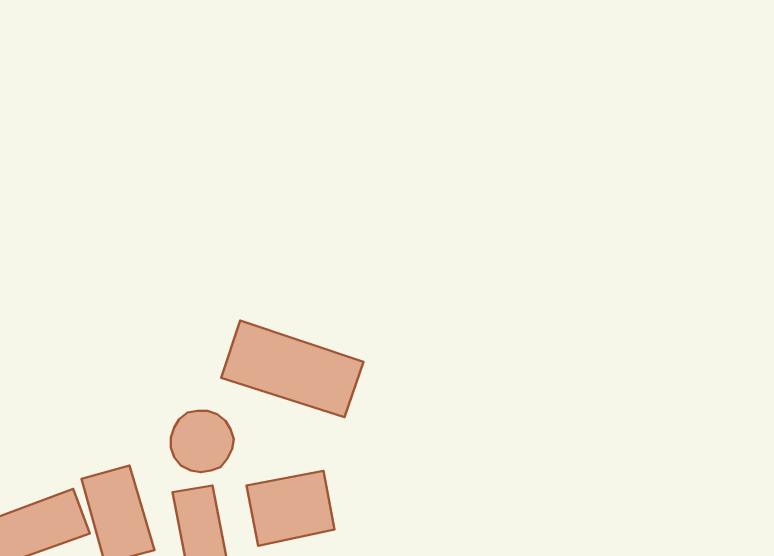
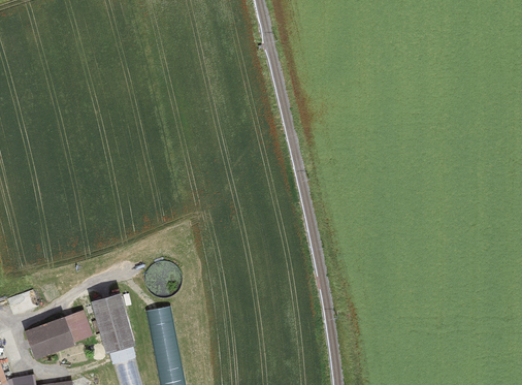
building: [221,320,364,417] -> none
building: [246,471,334,546] -> none

